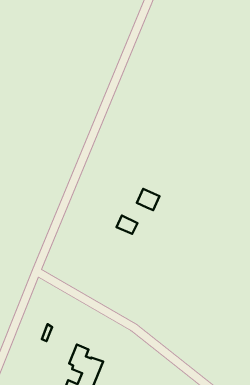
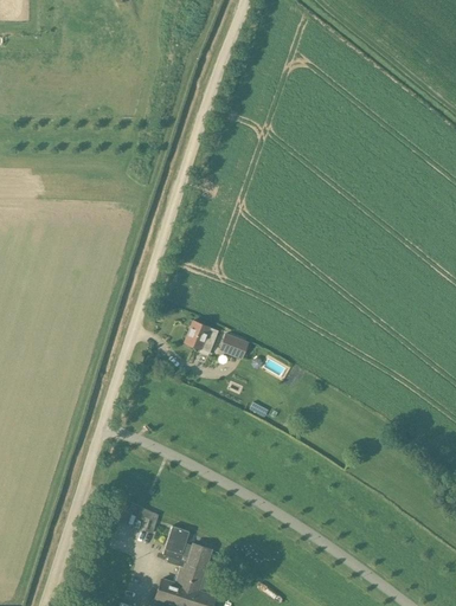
building: [137,189,160,210] -> [185,321,218,352]

